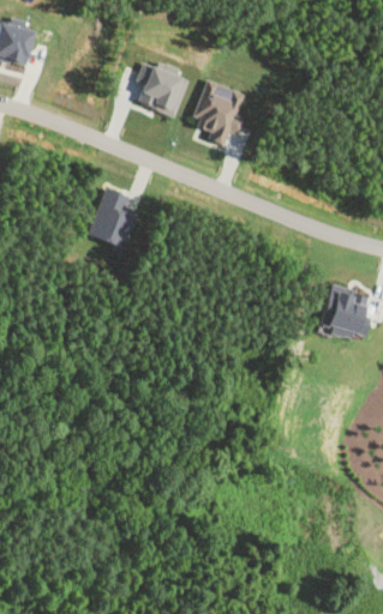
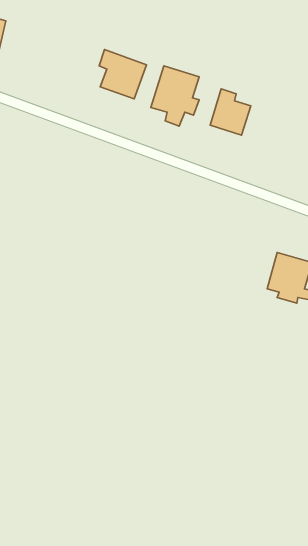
building: none -> [210,89,251,135]
building: [88,186,138,255] -> none

